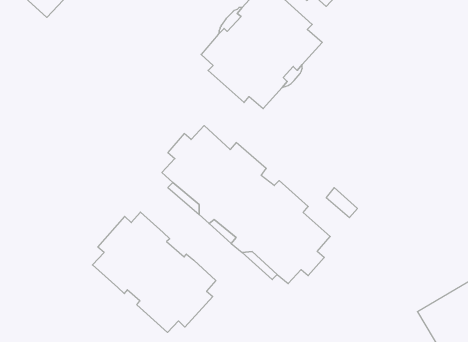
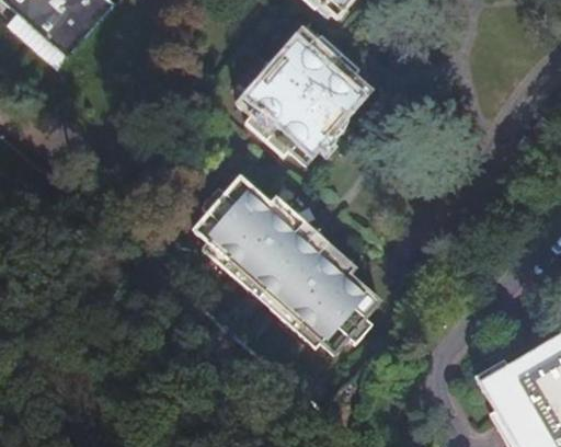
building: [92,212,216,332] -> none

